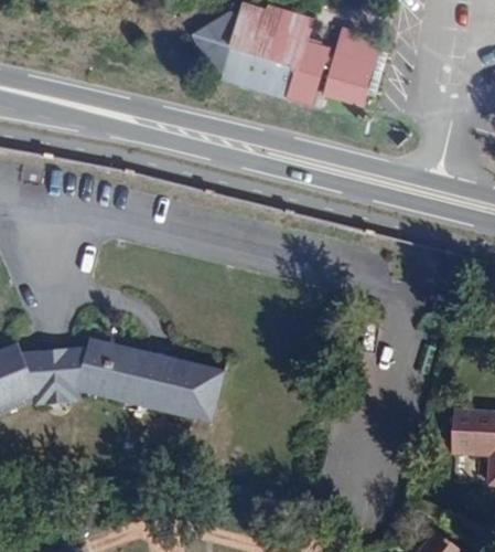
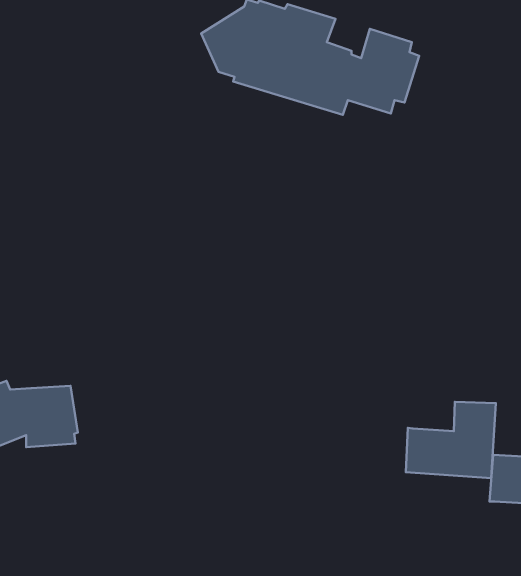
building: [75,339,224,423] -> none
building: none -> [406,402,496,478]

